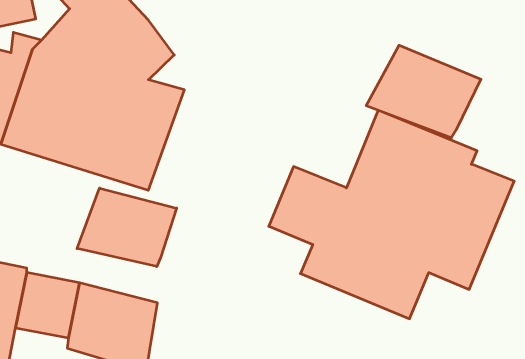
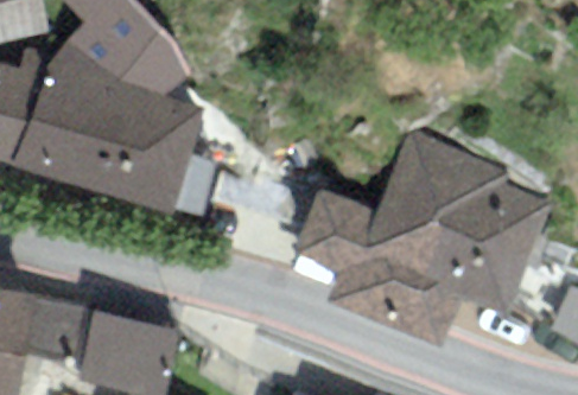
building: [366,45,481,138] -> none
building: [77,188,177,267] -> none

